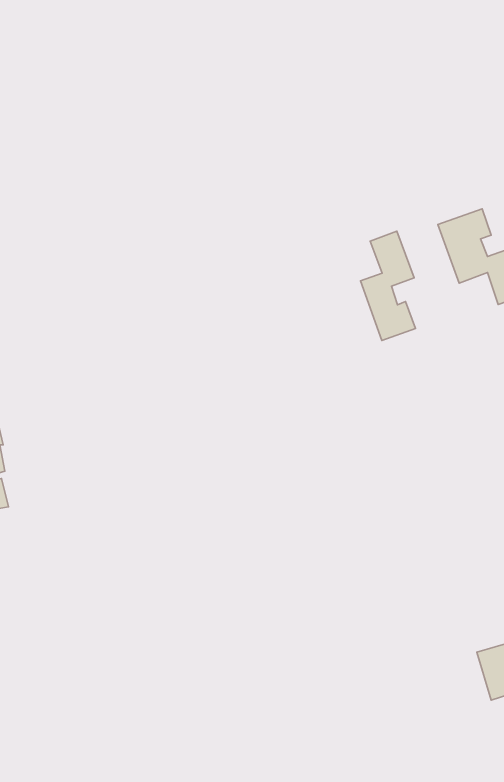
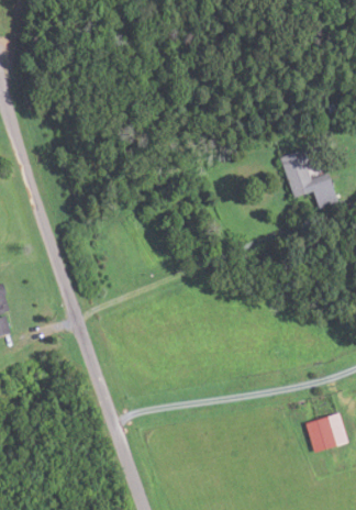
building: [360,231,416,341] -> none

